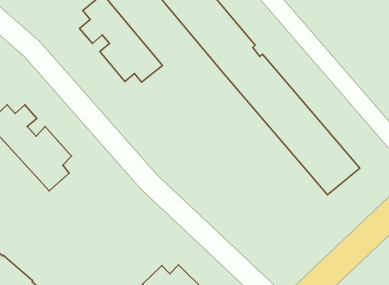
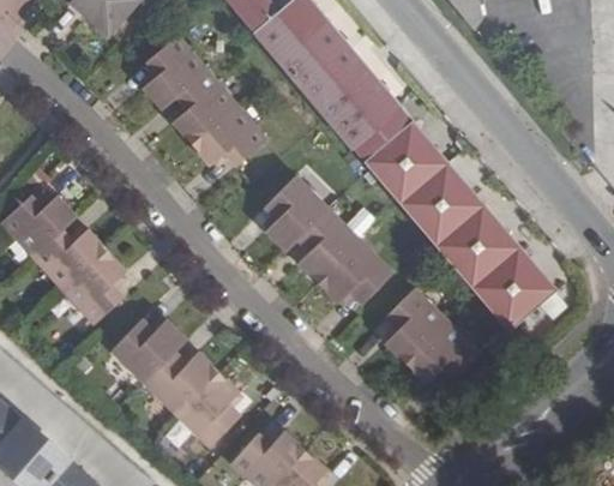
building: none -> [265,178,391,304]
building: none -> [384,287,480,380]
building: none -> [112,322,245,448]

